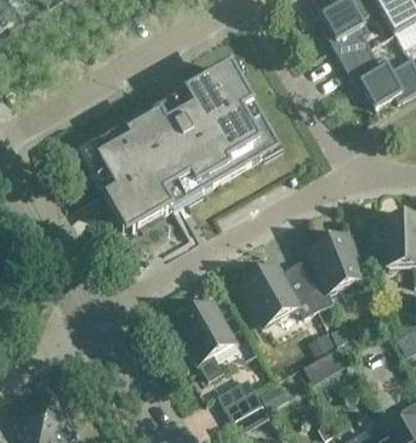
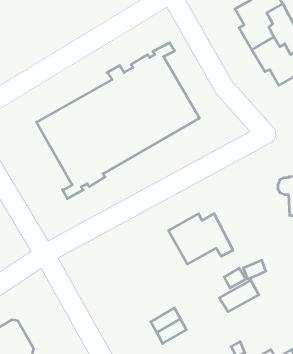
building: [296,233,365,308] -> none
building: [176,300,235,380] -> none

